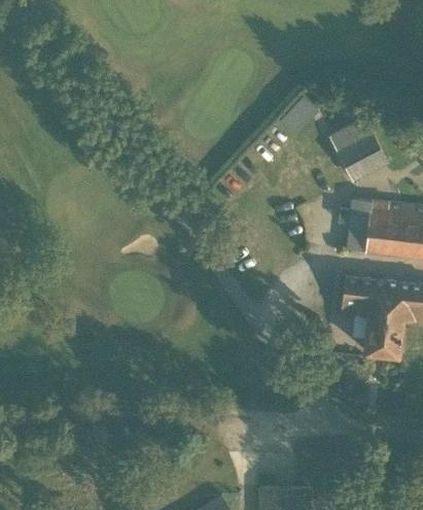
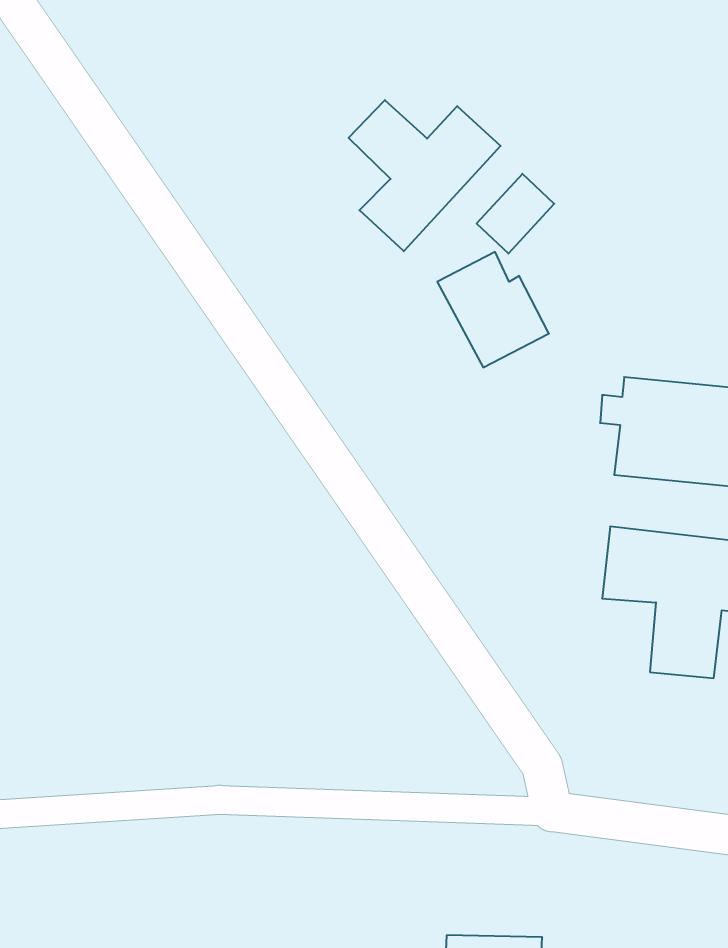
building: none -> [349,100,501,251]
building: [331,121,389,180] -> [437,252,549,367]

